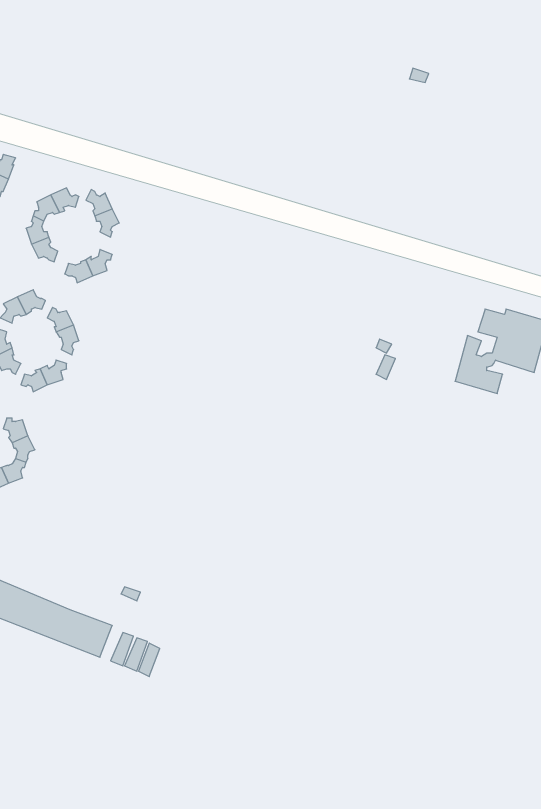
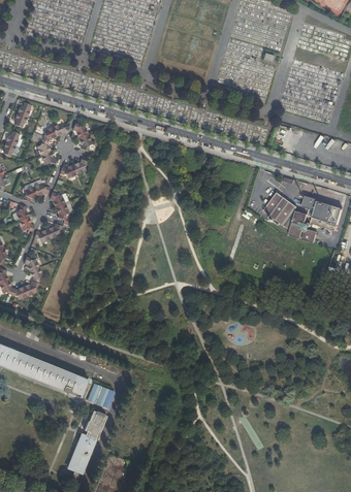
building: none -> [262,191,296,235]
building: none -> [66,409,104,472]

